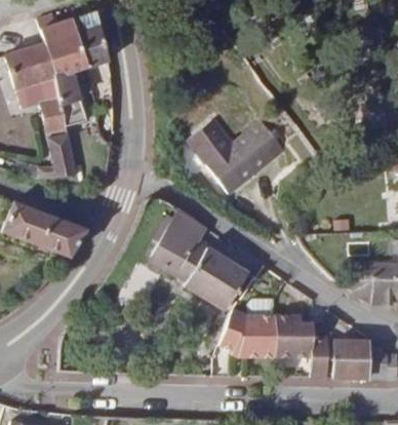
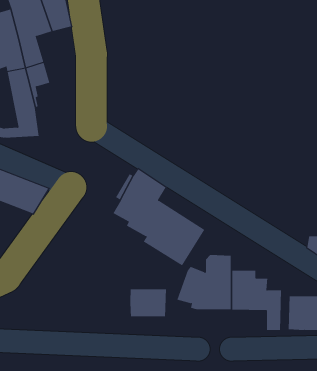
building: [187,118,285,194] -> none
building: none -> [130,288,167,317]

